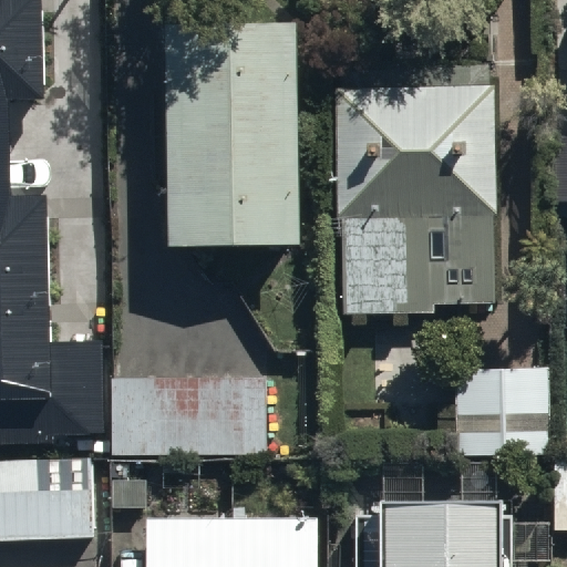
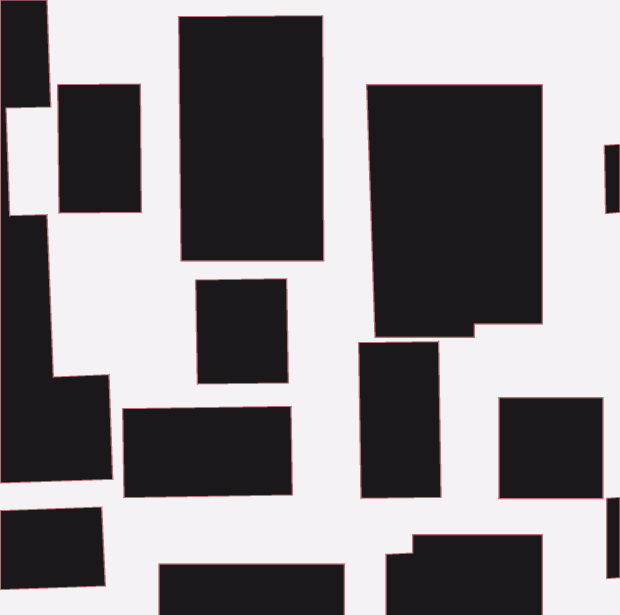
building: none -> [58,84,141,213]
building: none -> [196,279,288,384]
building: none -> [359,341,441,499]

